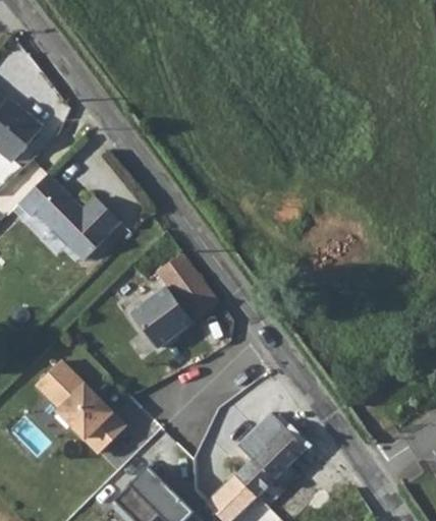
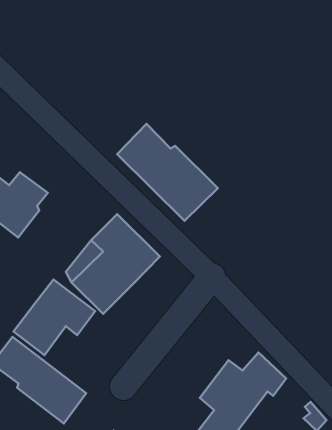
building: none -> [117,124,218,221]
building: none -> [14,279,95,355]

